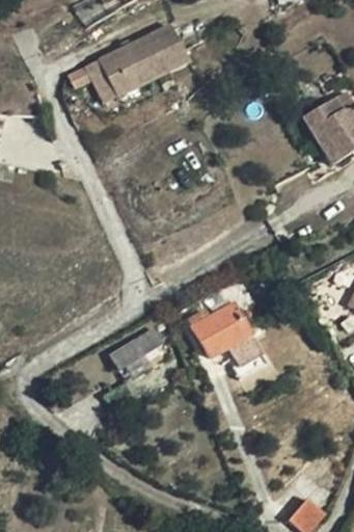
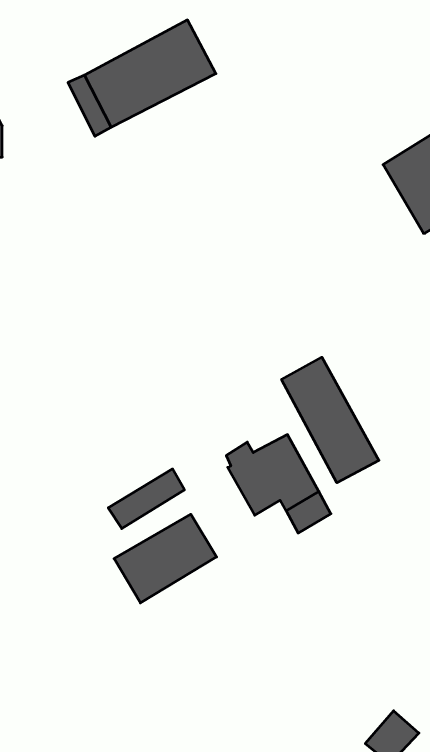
building: none -> [282,357,379,483]
building: none -> [114,514,217,603]

